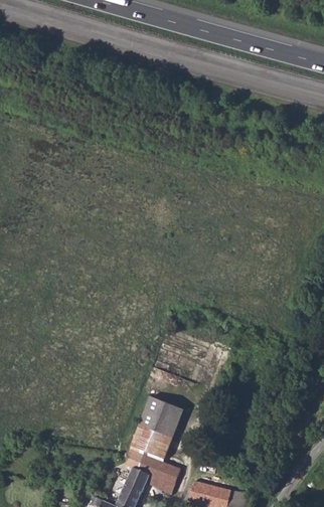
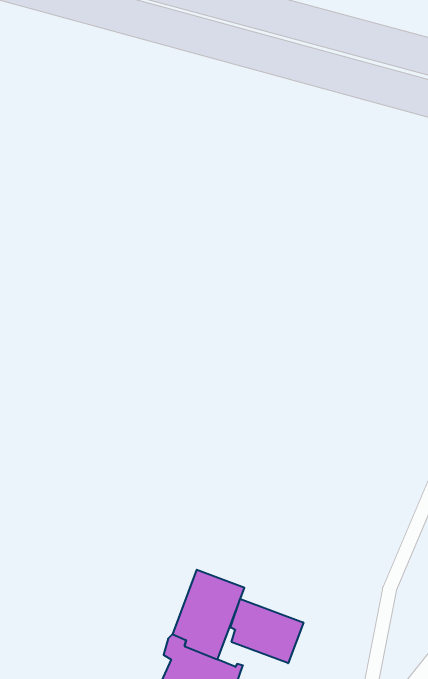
building: none -> [230,599,303,663]

